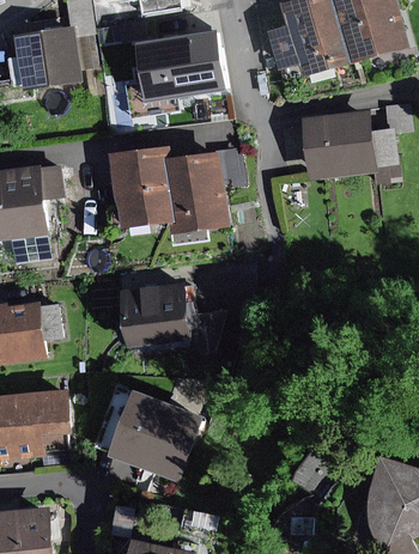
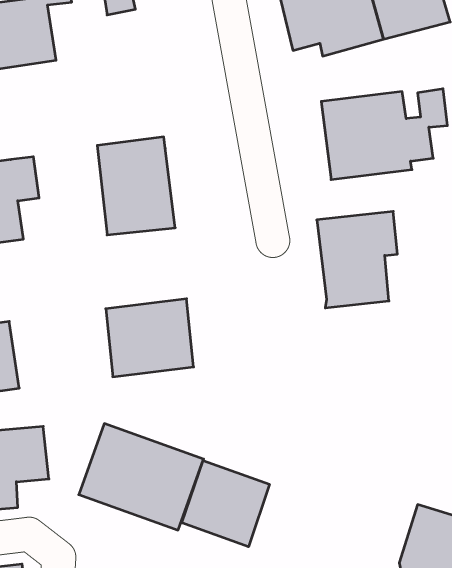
building: [119,37,218,121] -> none
building: [169,148,237,230] -> [317,211,397,308]
building: none -> [182,461,269,547]

